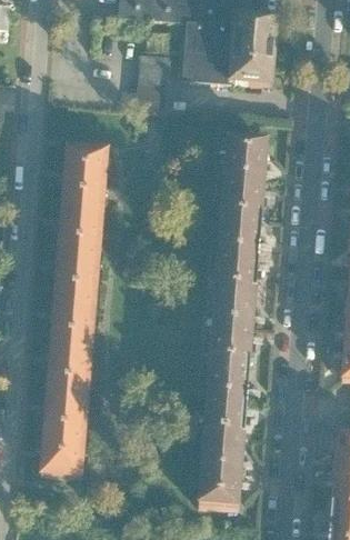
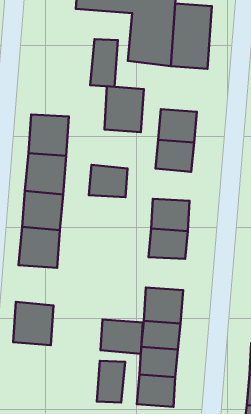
building: none -> [104,86,144,132]
building: [213,213,261,253] -> [89,165,127,197]
building: [204,323,253,364] -> none
building: [43,333,94,383] -> none
building: none -> [100,320,143,354]
building: [37,429,87,478] -> none
building: none -> [97,361,125,403]

